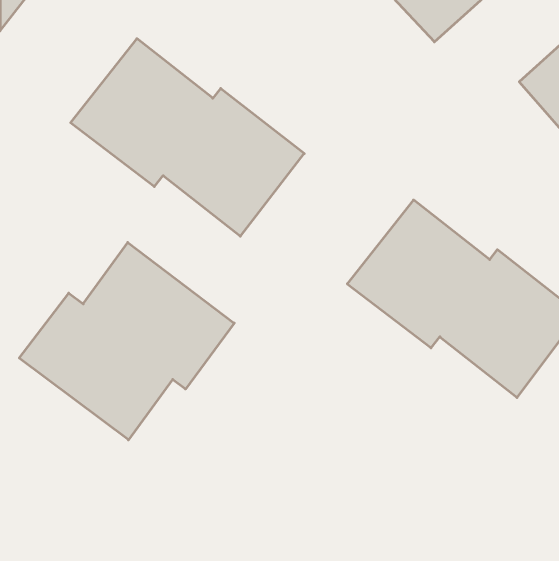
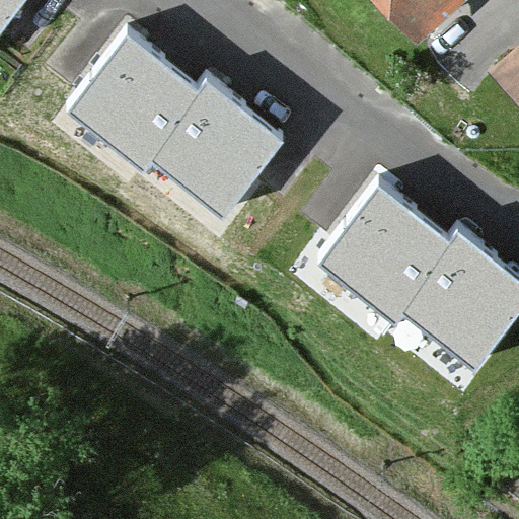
building: [19,242,234,440] -> none

